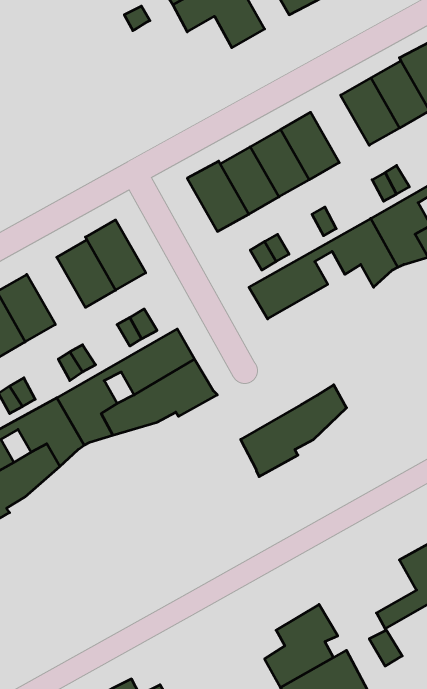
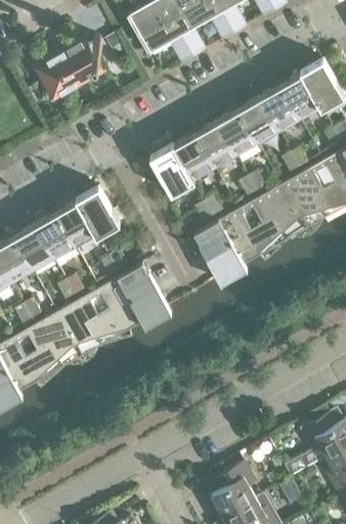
building: none -> [34,39,103,101]
building: none -> [237,97,279,145]
building: none -> [35,213,77,261]
building: [241,385,347,477] -> [207,218,283,283]

